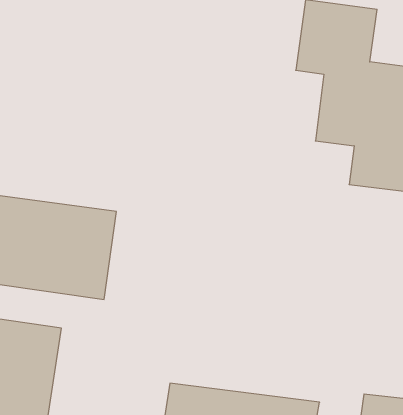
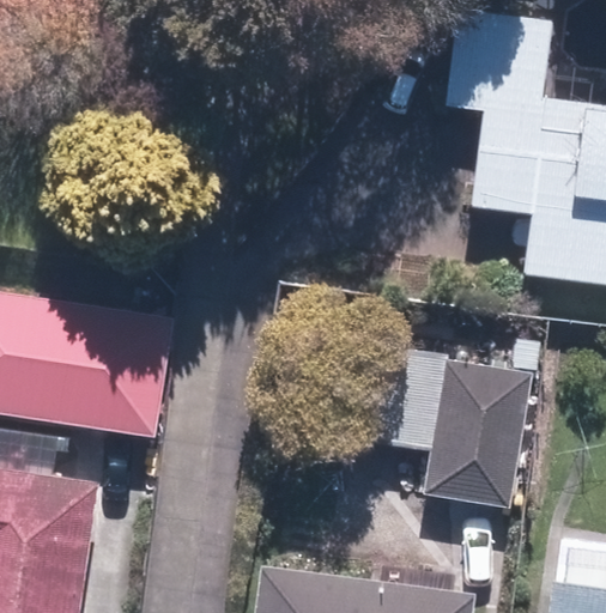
building: none -> [352,345,534,510]

